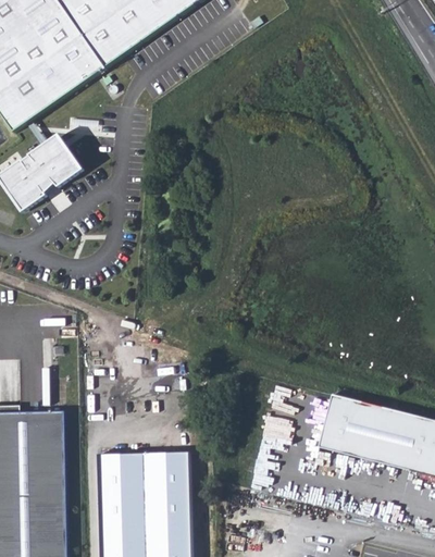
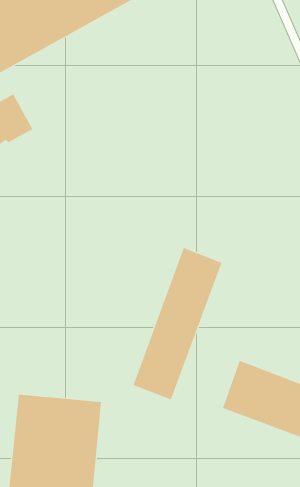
building: none -> [133,247,222,400]

